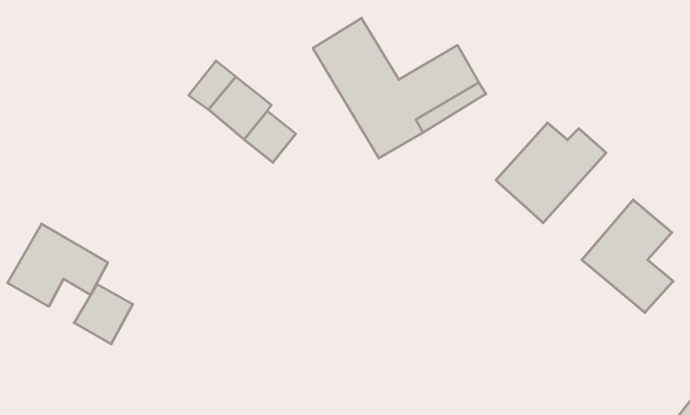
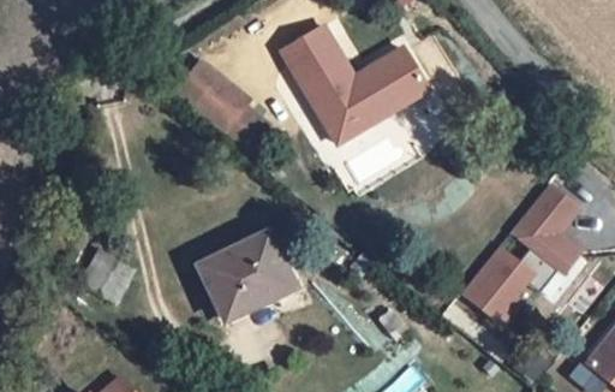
building: [496,123,606,223] -> [459,243,551,327]
building: [8,224,108,306] -> none
building: none -> [198,232,294,320]

